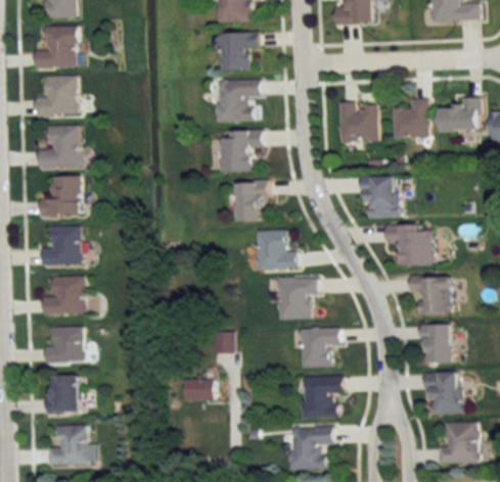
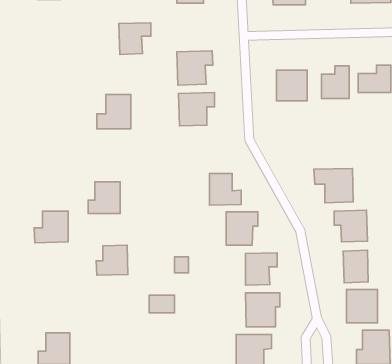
building: [34,26,77,67] -> none
building: [220,32,259,70] -> [119,23,151,54]
building: [35,75,77,116] -> none
building: [37,125,79,166] -> [97,95,131,129]
building: [39,176,79,214] -> none
building: [360,176,398,216] -> none
building: [235,182,267,221] -> none
building: [41,225,80,263] -> [88,182,120,213]
building: [43,326,82,363] -> [96,245,128,275]
building: [47,376,77,413] -> none

